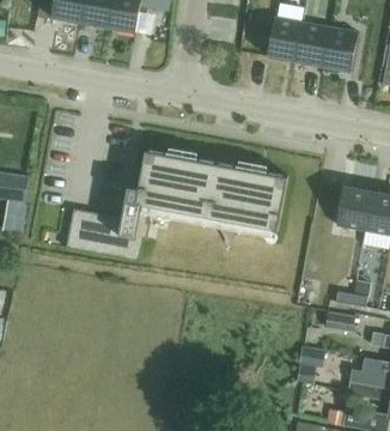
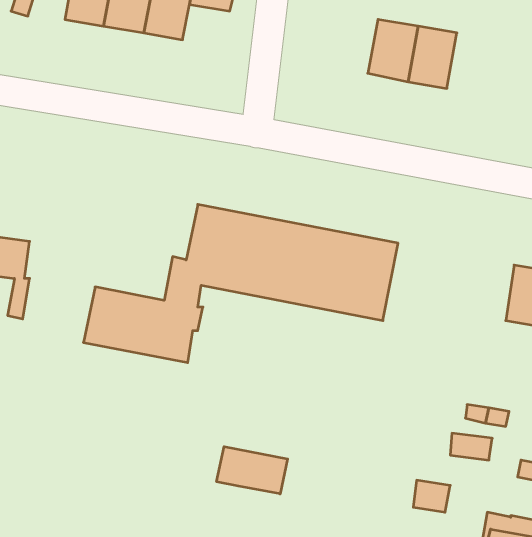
building: [322,28,357,72] -> none
building: [335,188,370,232] -> none
building: none -> [217,447,288,494]

